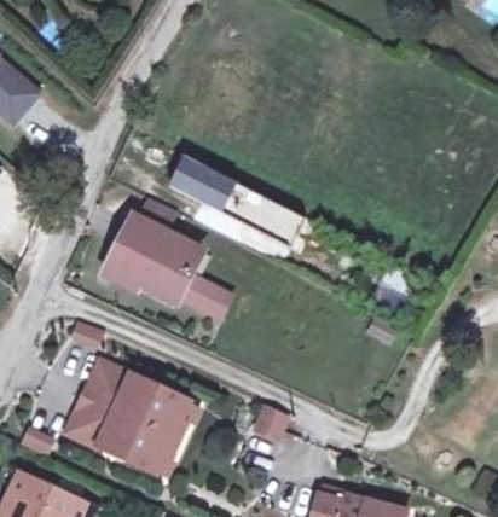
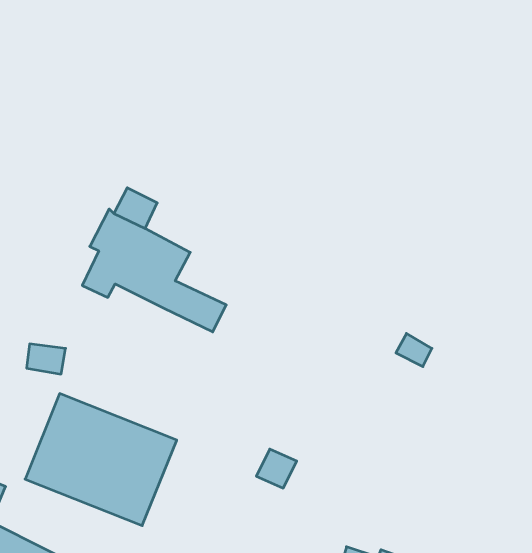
building: [163,159,311,249] -> none

